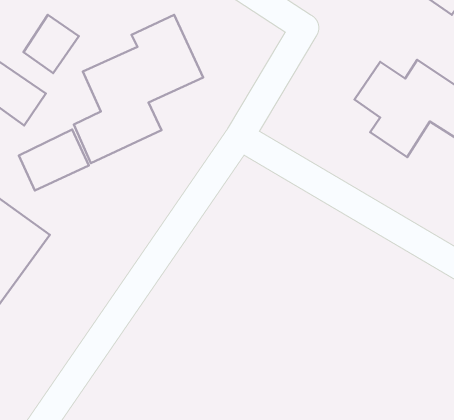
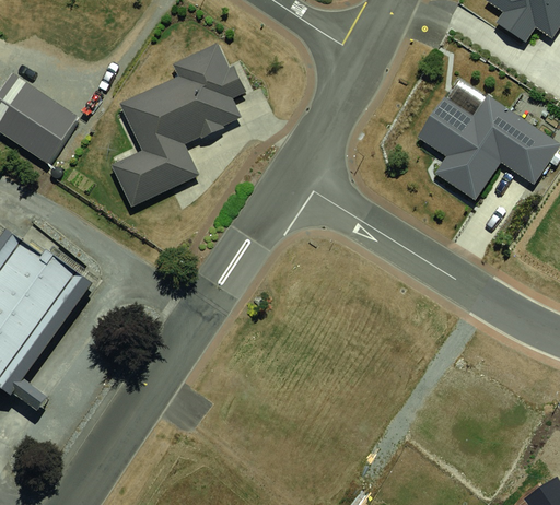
building: [23,15,79,73] -> none
building: [19,129,89,190] -> none

